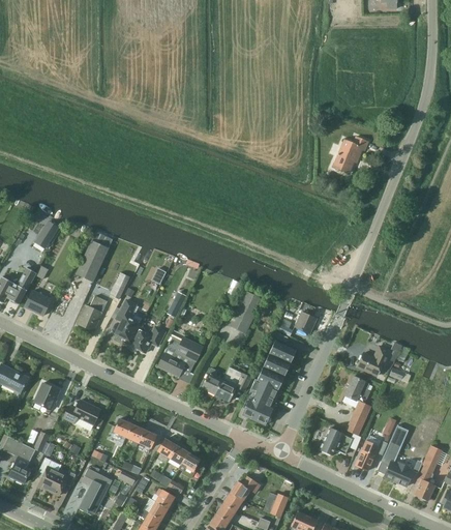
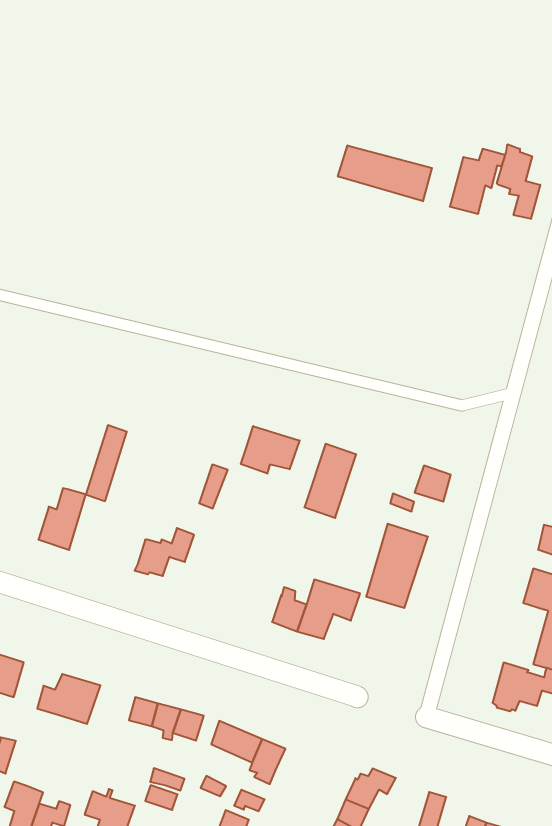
building: none -> [338,145,432,201]
building: none -> [497,144,540,219]
building: [78,240,109,281] -> none
building: none -> [241,426,300,474]
building: [117,299,143,344] -> none
building: [158,336,203,376] -> none
building: [242,379,278,424] -> none

